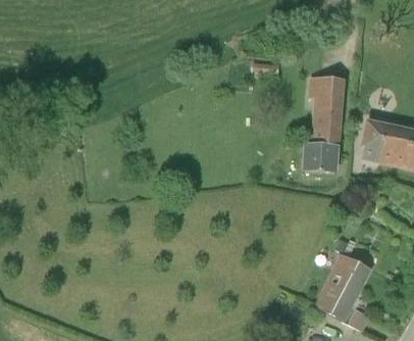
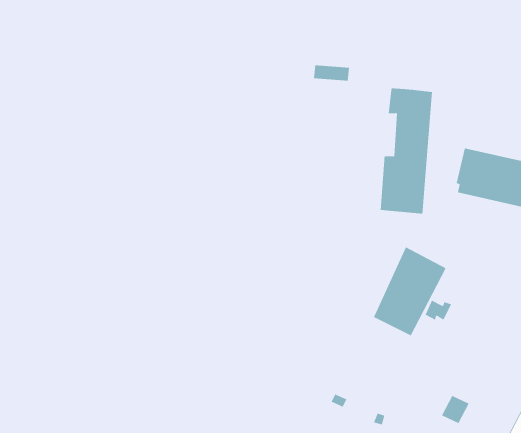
building: [316,252,371,320] -> [373,246,446,336]

